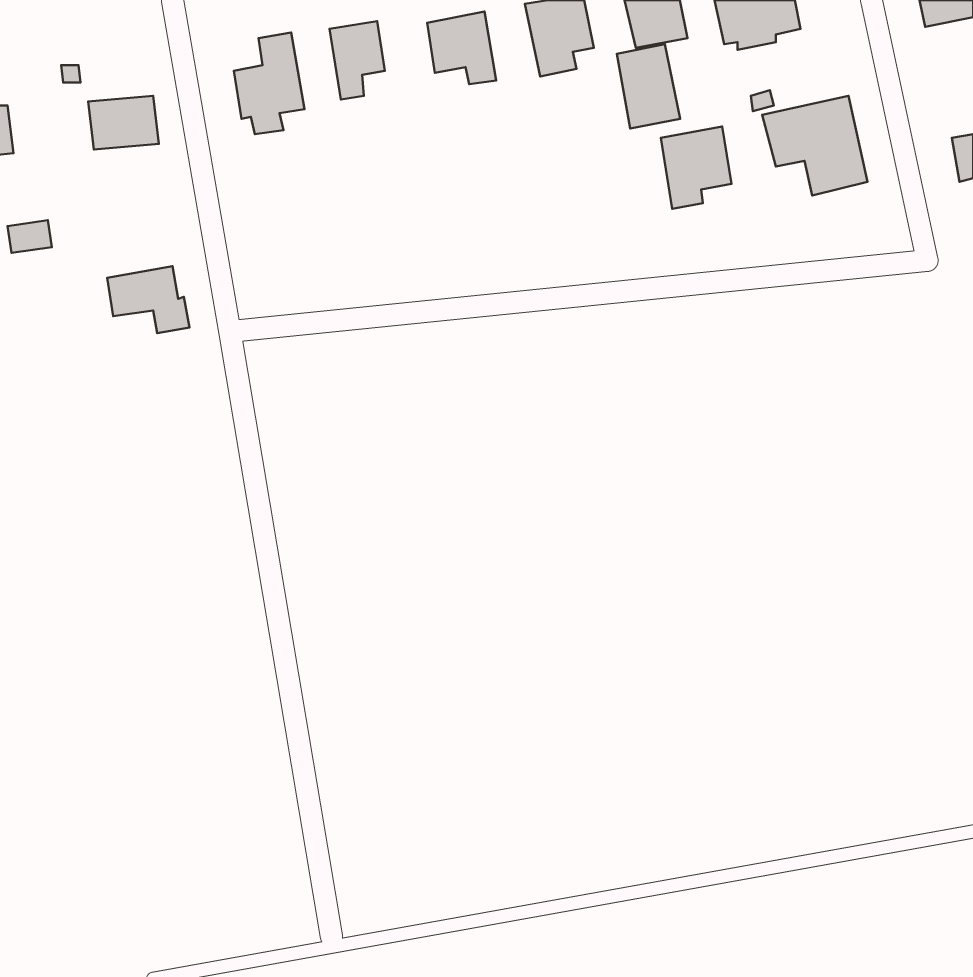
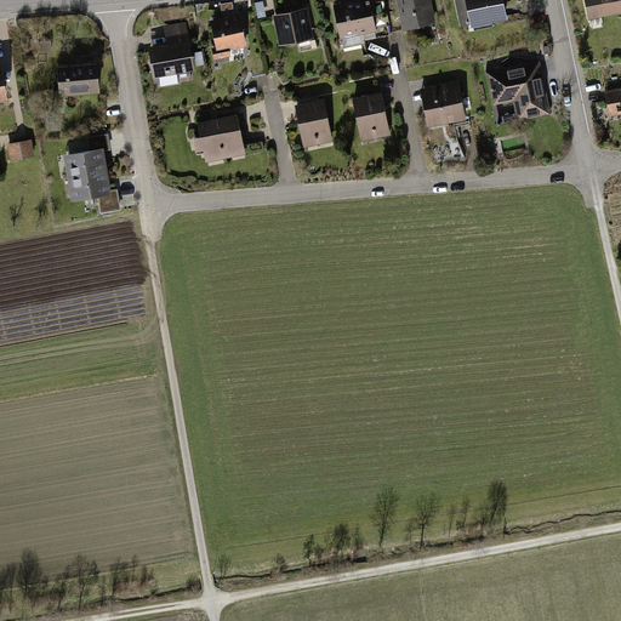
building: [617,44,680,128] -> [351,92,391,146]
building: none -> [292,97,334,150]
building: none -> [193,114,244,164]
building: none -> [64,133,109,177]

